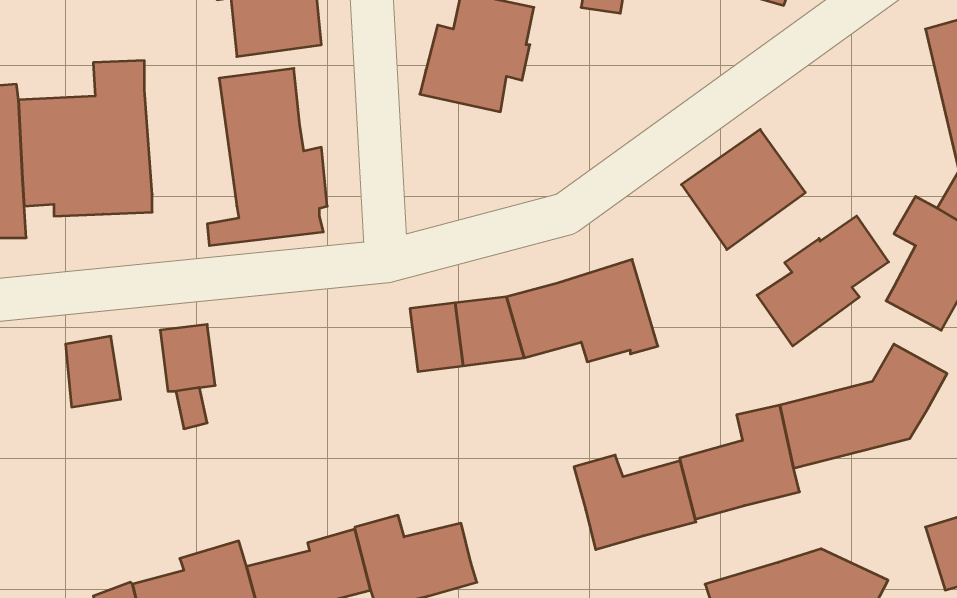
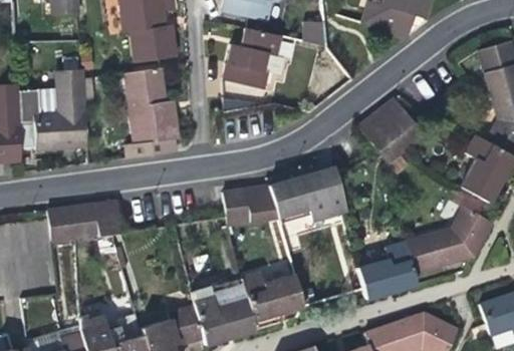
building: [757,216,889,346] -> none
building: none -> [65,203,94,238]
building: [574,455,696,550] -> [238,273,300,321]

